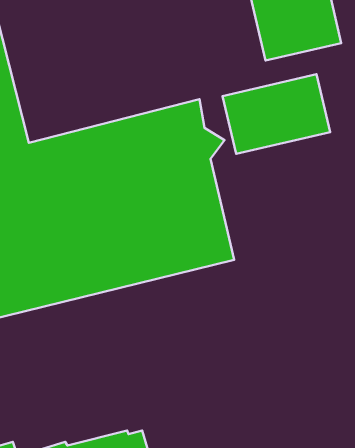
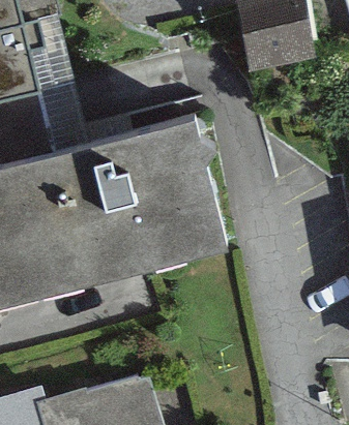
building: [222,74,330,154] -> none

